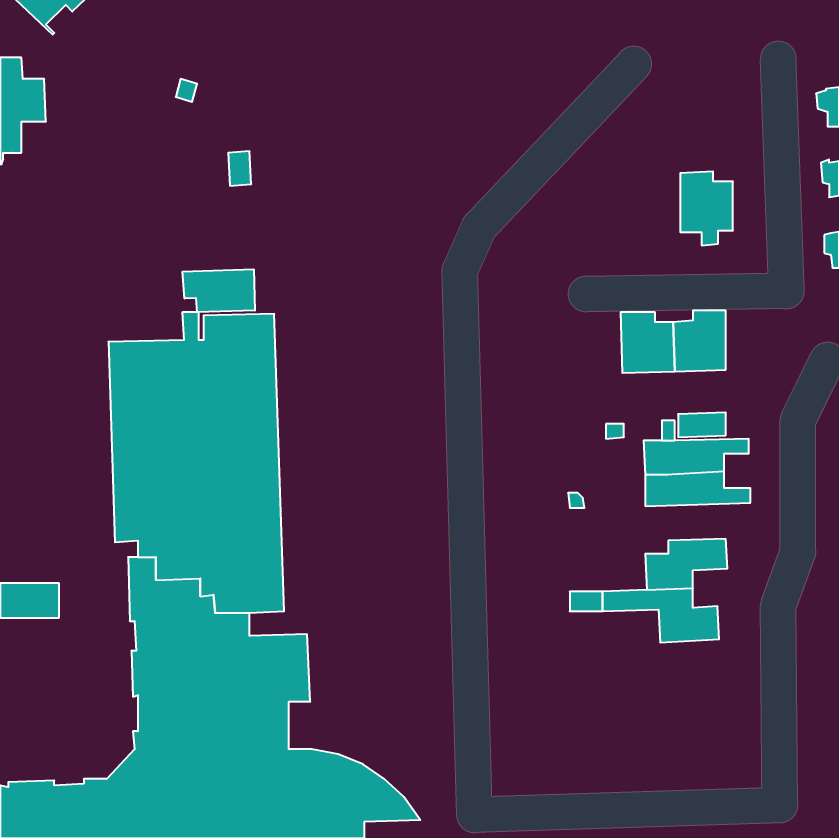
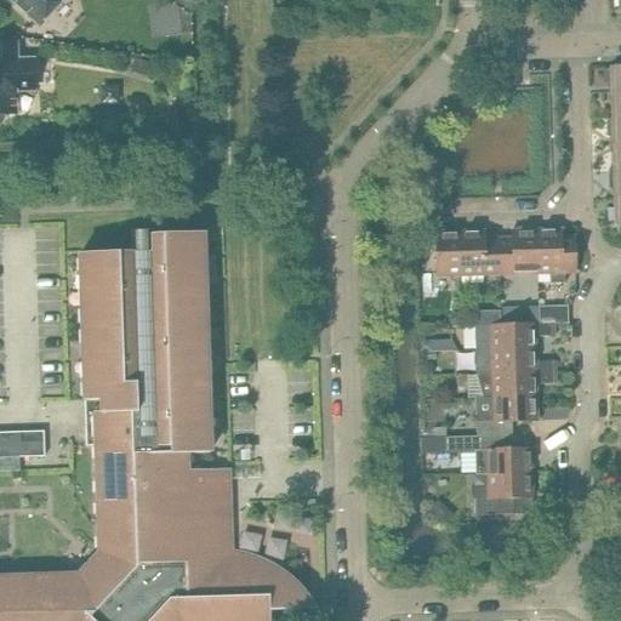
building: [680,171,733,245] -> [536,228,575,283]
building: [183,269,255,312] -> none
building: none -> [425,226,460,275]
building: none -> [477,371,556,399]
building: none -> [471,472,532,514]

